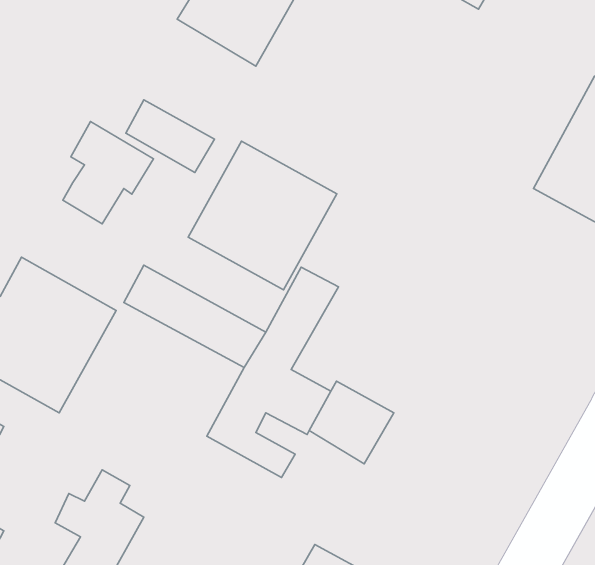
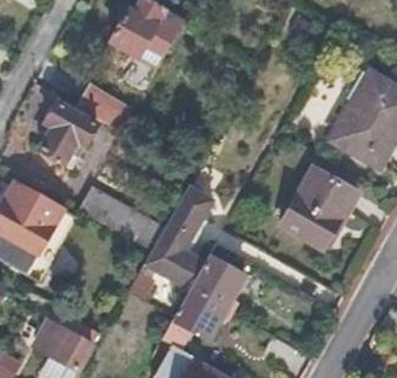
building: [188,141,337,290] -> none
building: none -> [281,167,359,249]
building: none -> [162,287,225,348]

